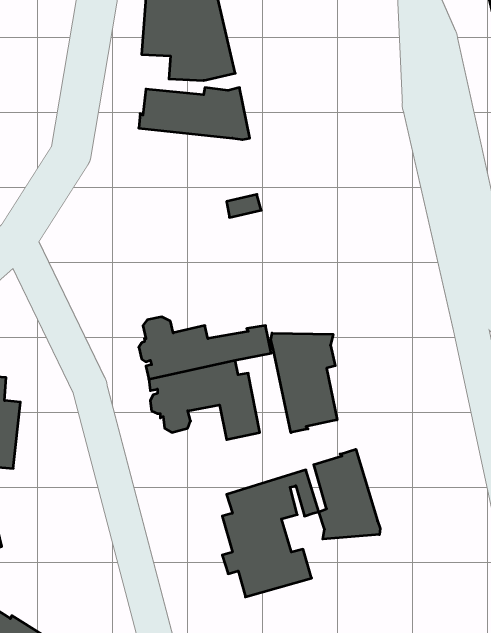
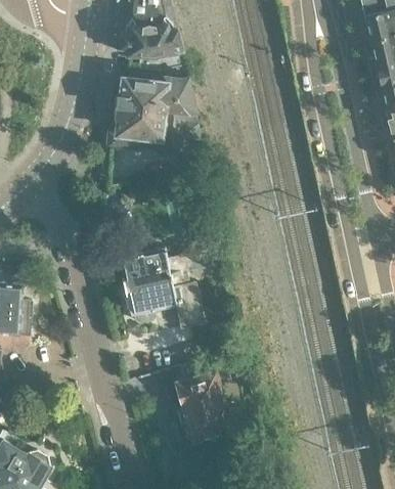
building: none -> [115,106,199,152]
building: [271,333,337,433] -> none
building: [314,449,380,539] -> none

